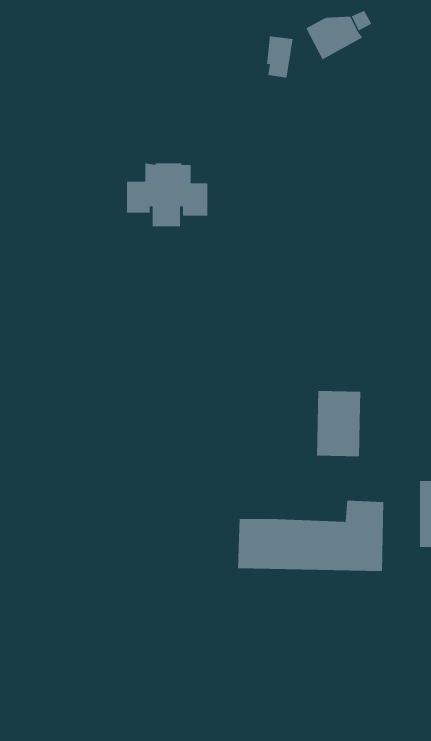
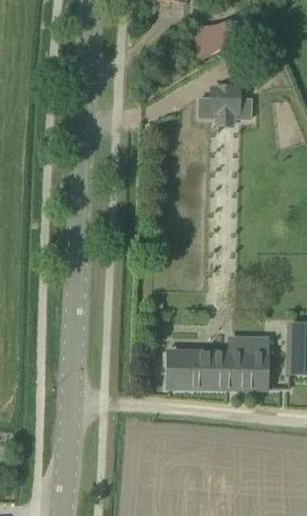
building: [126,163,208,227] -> [197,84,252,126]
building: [317,390,361,457] -> none

